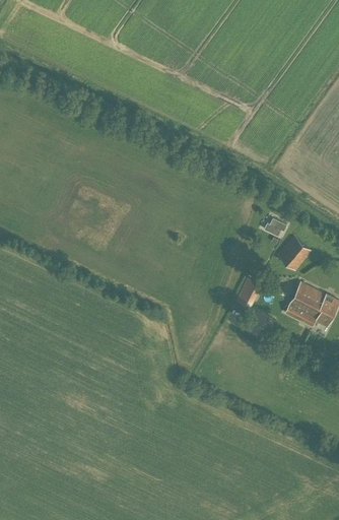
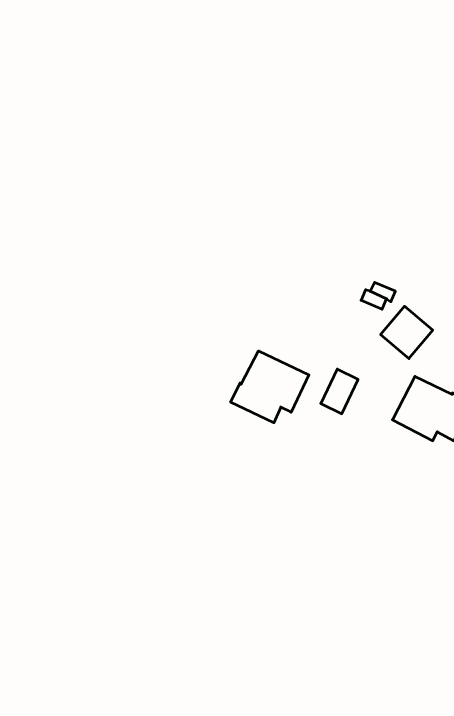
building: none -> [231,351,309,423]

